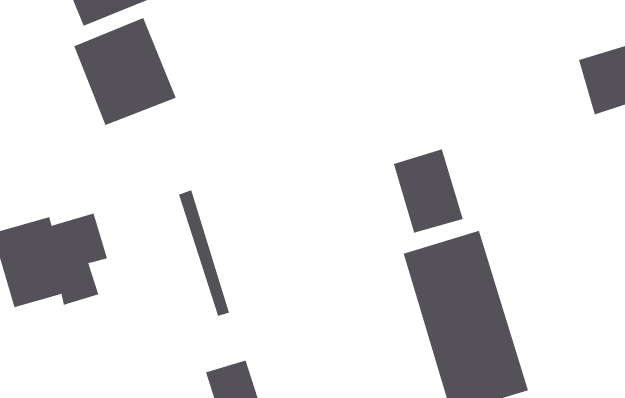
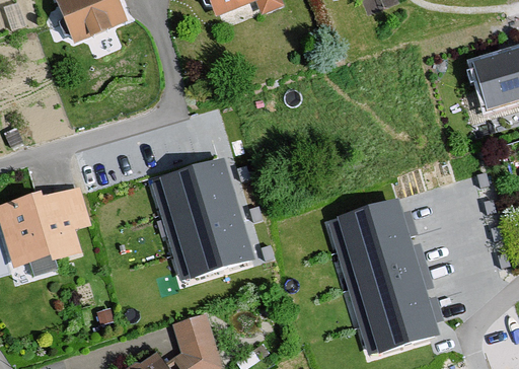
building: [73,17,176,126] -> none
building: [393,148,464,233] -> none
building: none -> [169,168,245,275]

